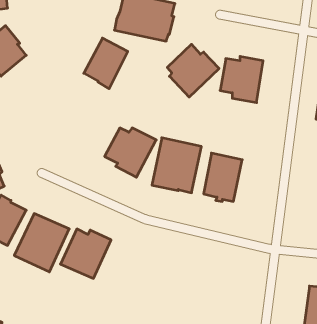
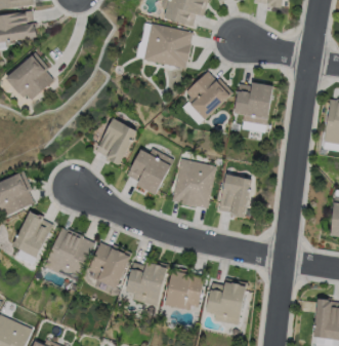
building: [84,38,128,89] -> [96,118,137,165]
building: none -> [125,262,169,308]
building: none -> [166,272,205,310]
building: none -> [206,279,247,326]

